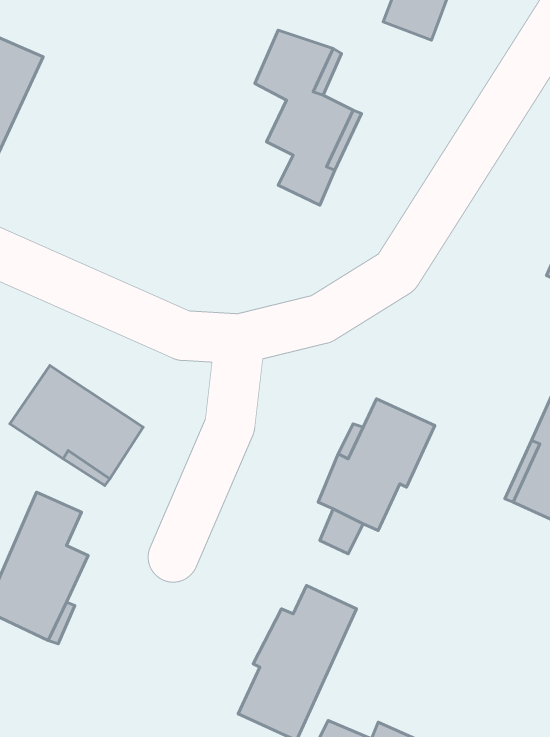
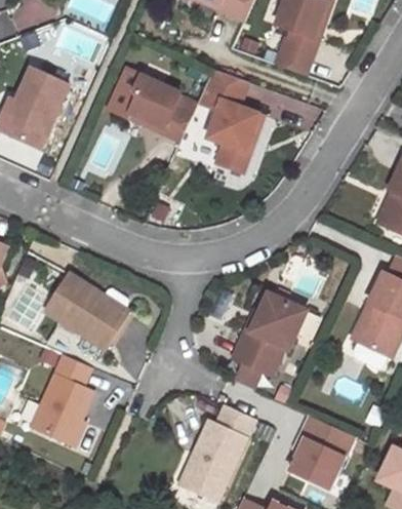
building: none -> [115,76,192,141]
building: none -> [287,414,356,487]

